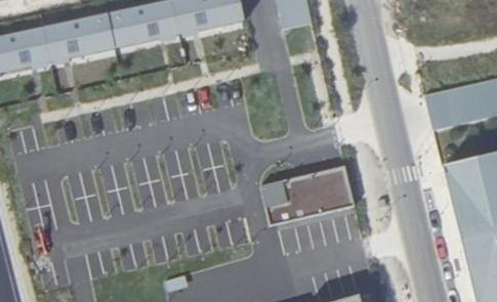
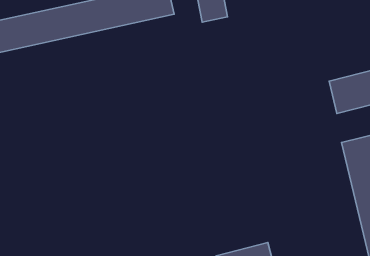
building: [260,168,354,223] -> none

